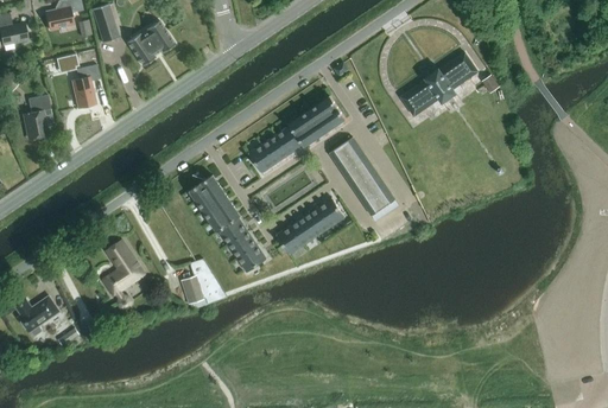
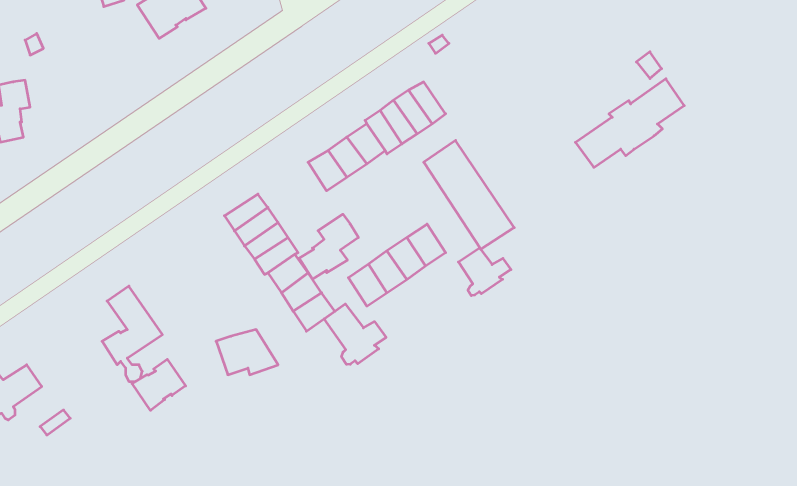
building: [400,53,477,116] -> [575,79,684,167]
building: [71,64,100,108] -> none
building: none -> [299,214,358,279]
building: none -> [458,248,511,296]
building: none -> [324,304,386,364]
building: none -> [132,359,186,410]

